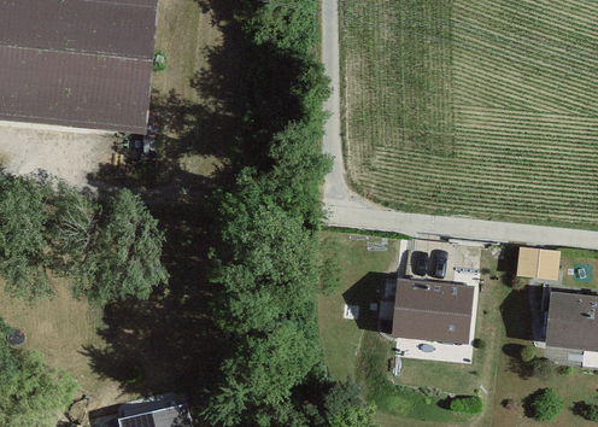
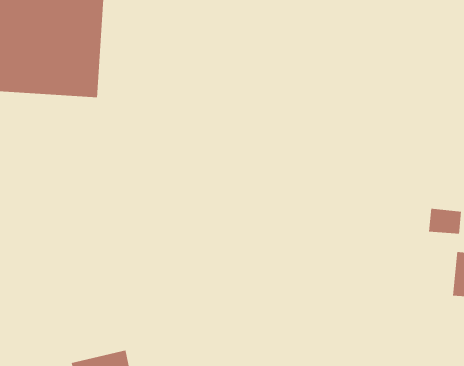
building: [389,283,465,343] -> none

